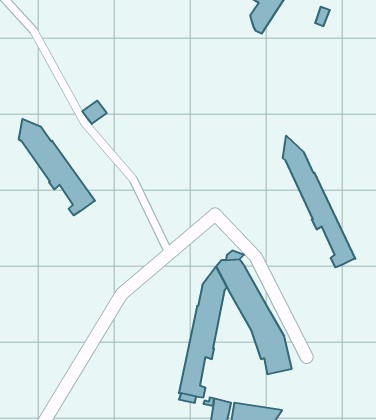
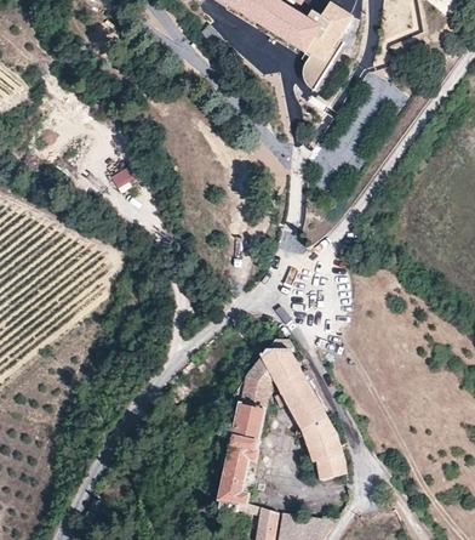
building: [19,119,95,215] -> none
building: [283,136,355,267] -> none

